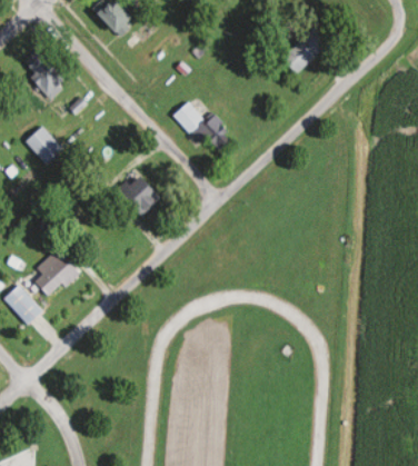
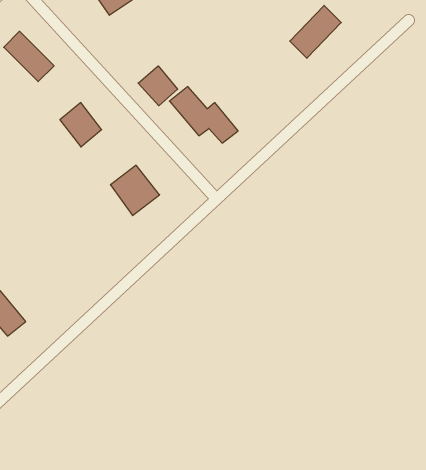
building: none -> [138,66,178,106]
building: [24,125,62,165] -> [60,103,102,147]
building: [33,248,78,299] -> none

